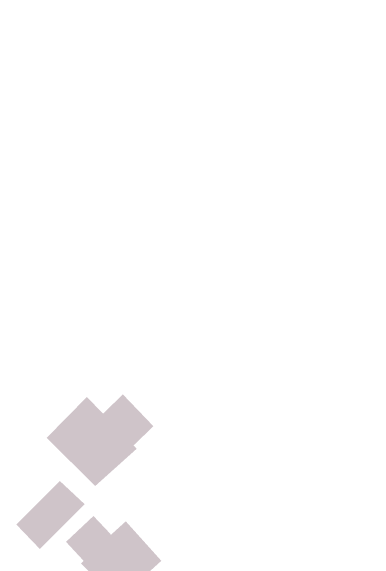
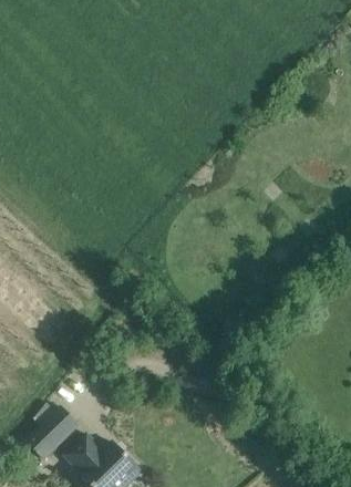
building: [46,393,154,487] -> none

